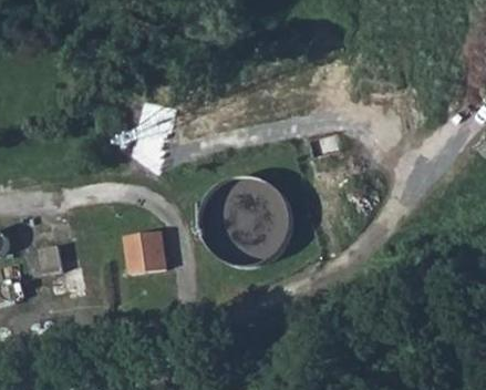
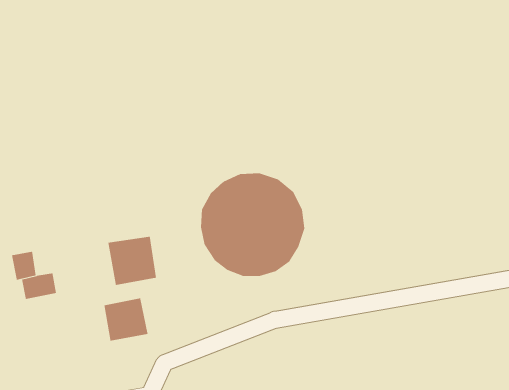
building: none -> [104,297,148,341]

